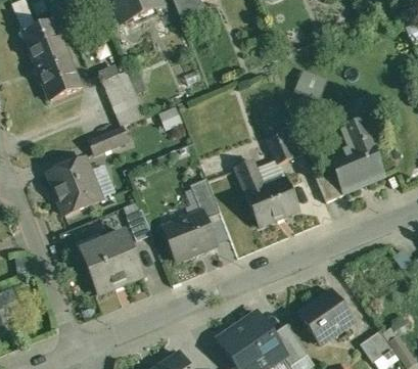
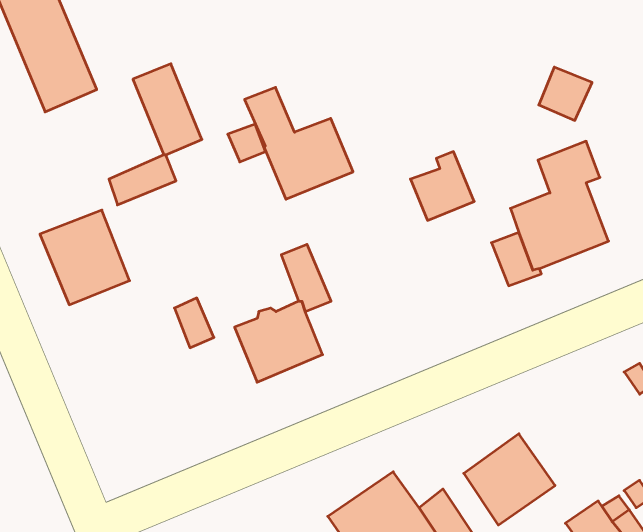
building: [293,67,325,99] -> [539,67,592,120]
building: [234,158,298,225] -> [245,87,353,199]
building: [79,231,142,291] -> none

